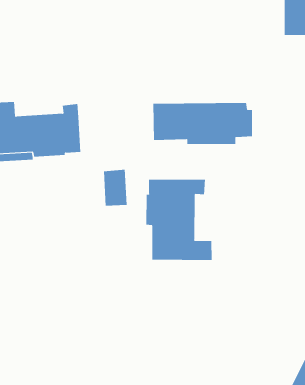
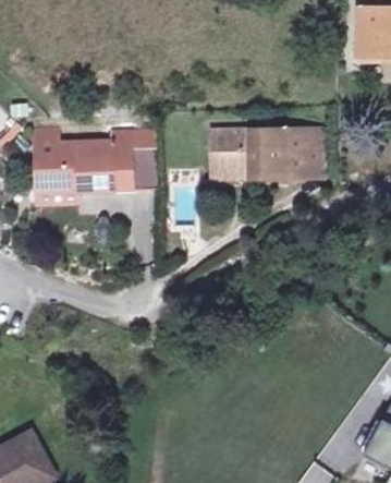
building: [103,169,127,206] -> [130,144,157,185]
building: [146,179,212,261] -> none

